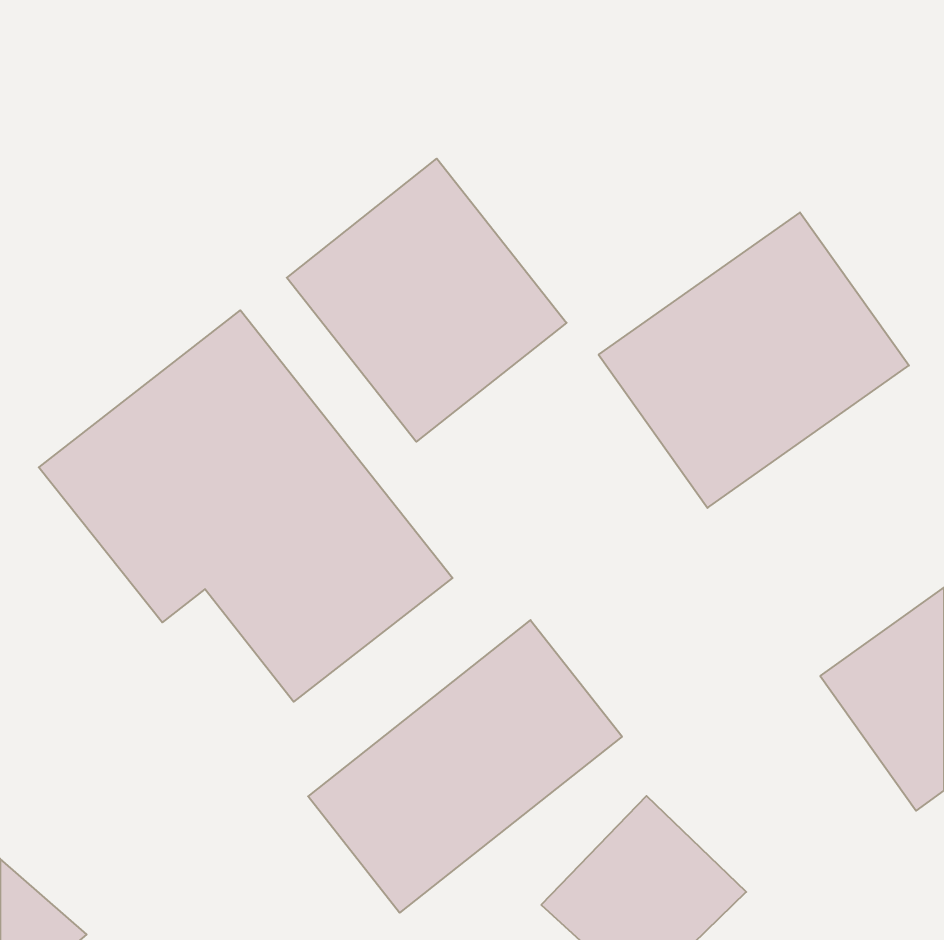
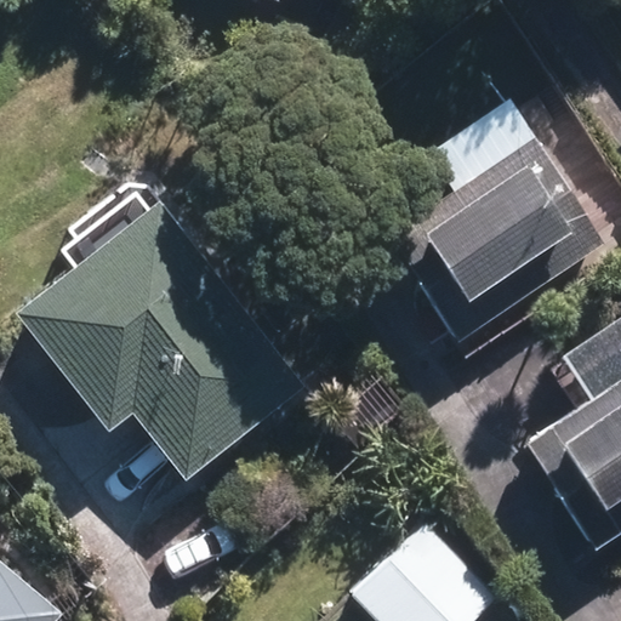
building: [287,159,567,442] -> none
building: [308,620,622,913] -> none

